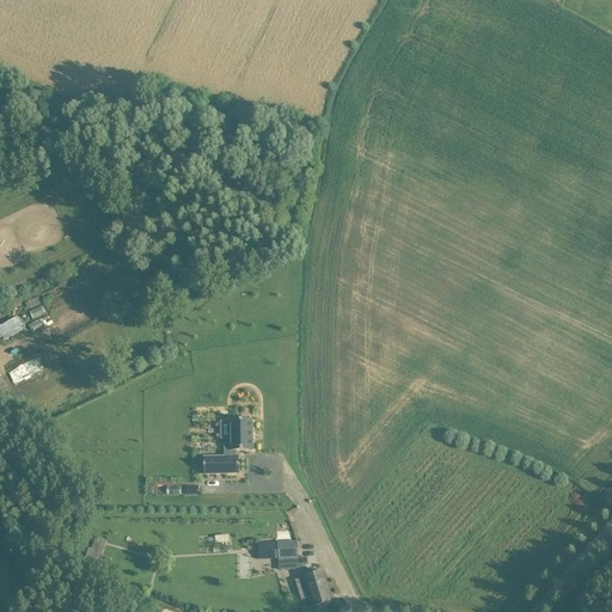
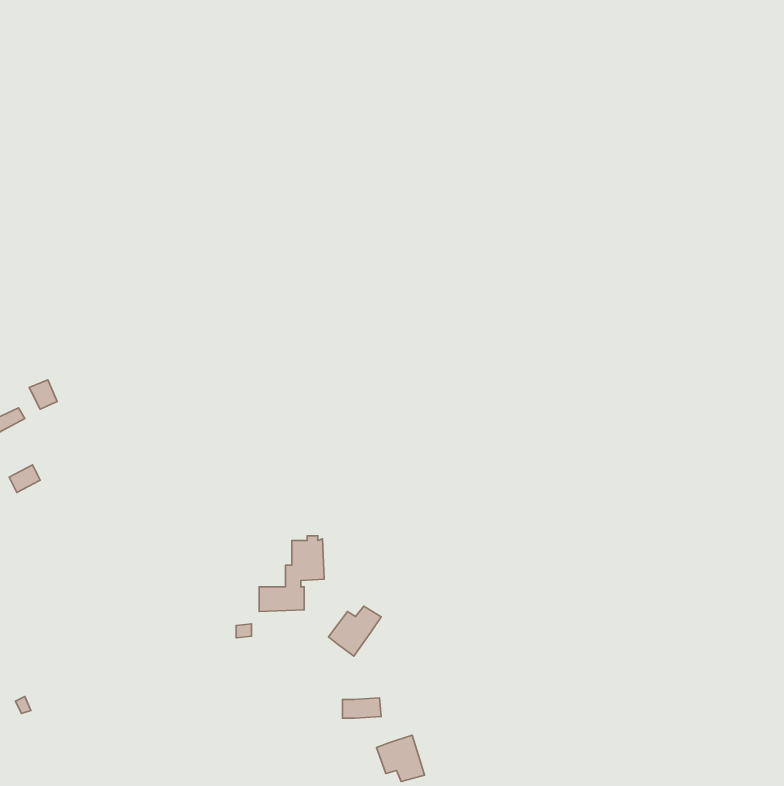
building: none -> [329,606,381,656]

